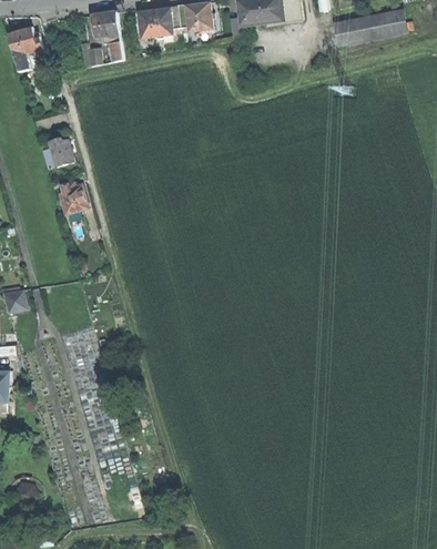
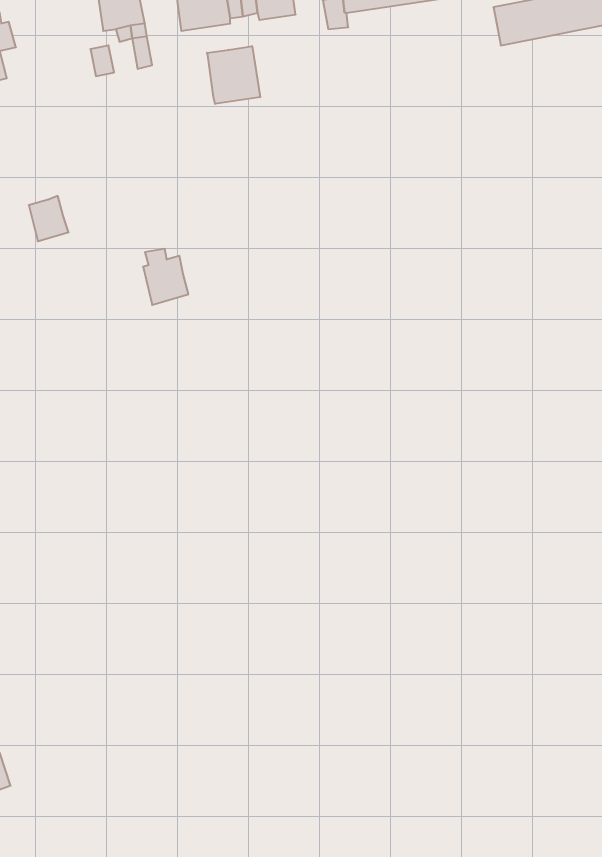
building: none -> [207,46,260,104]
building: [59,181,87,215] -> [143,249,188,305]

